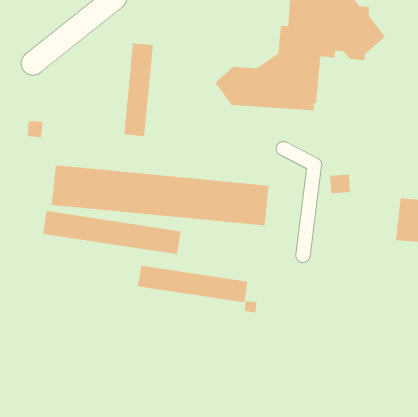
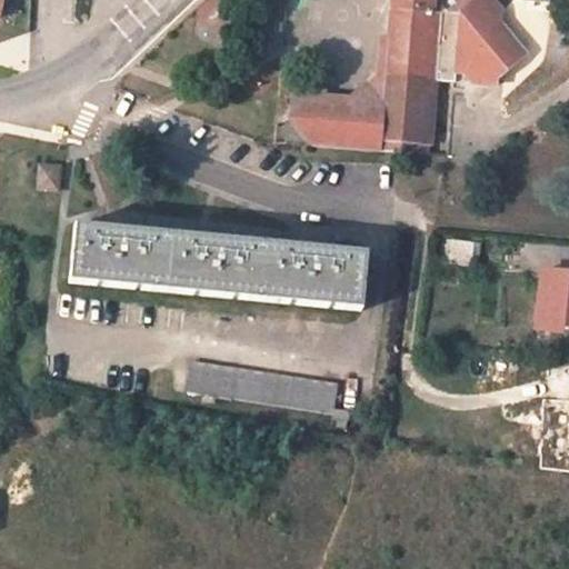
building: [124,42,153,137] -> none
building: [42,210,181,255] -> none

